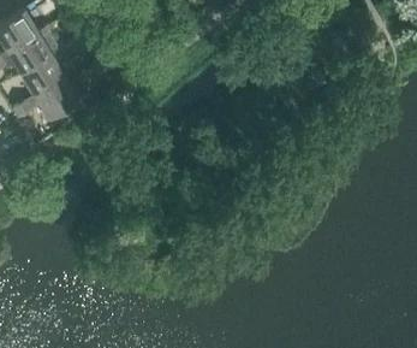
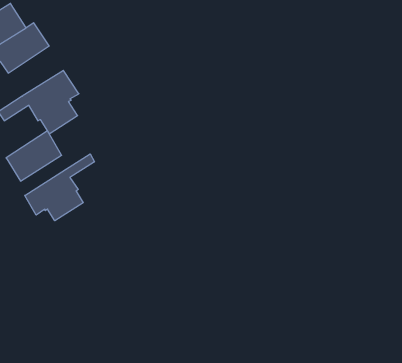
building: [22,46,73,93] -> [6,131,62,181]
building: none -> [25,154,94,221]

